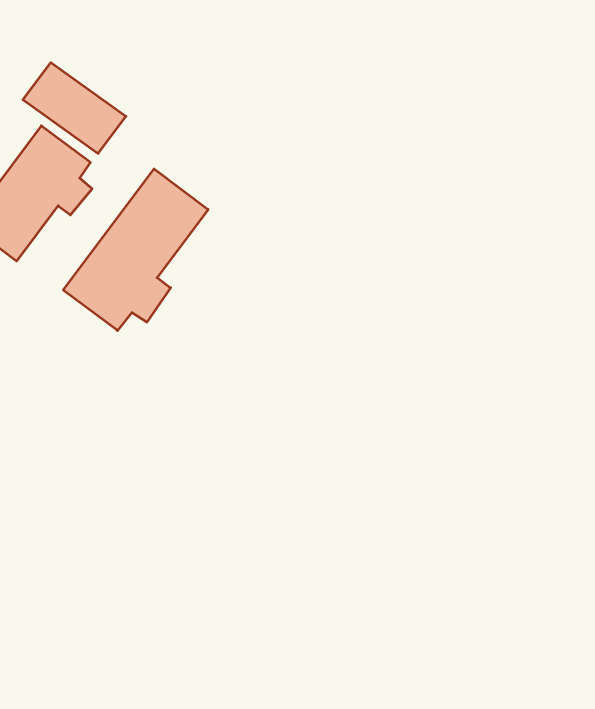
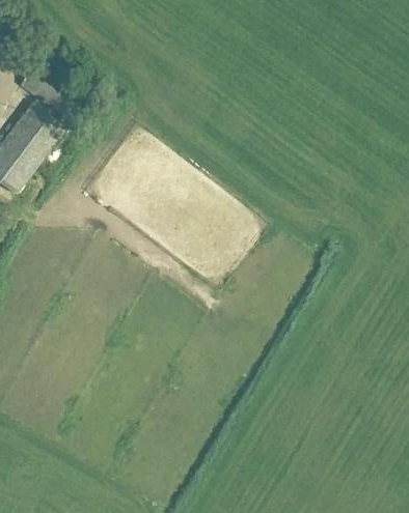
building: [63,169,208,331] -> none

